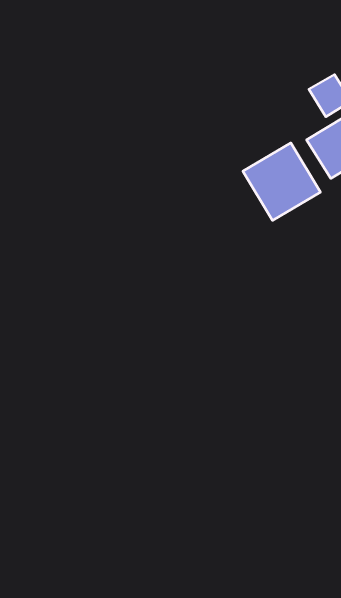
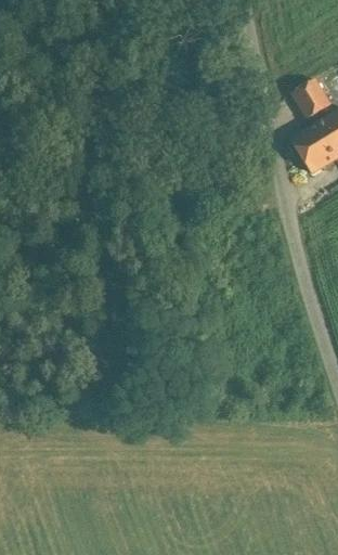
building: [243,143,321,221] -> none

